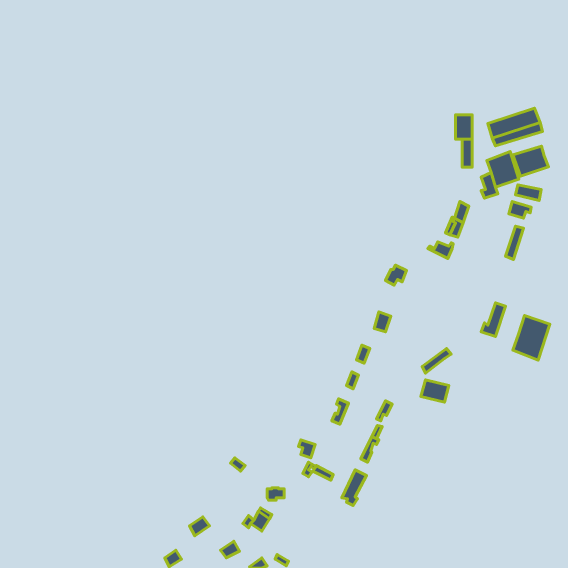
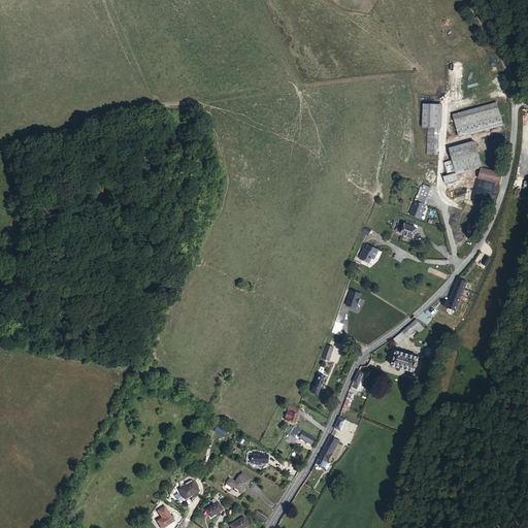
building: [513,146,548,176] -> none
building: [513,316,550,360] -> none

